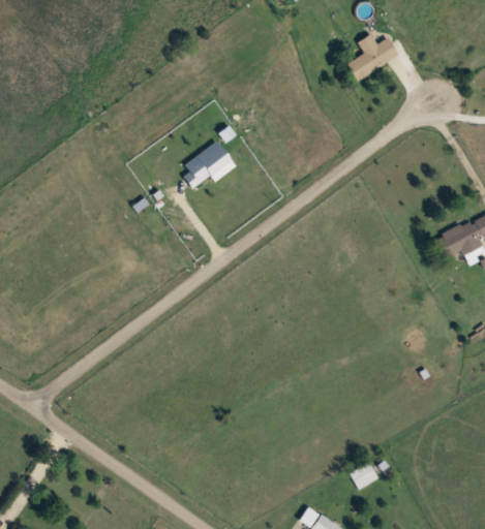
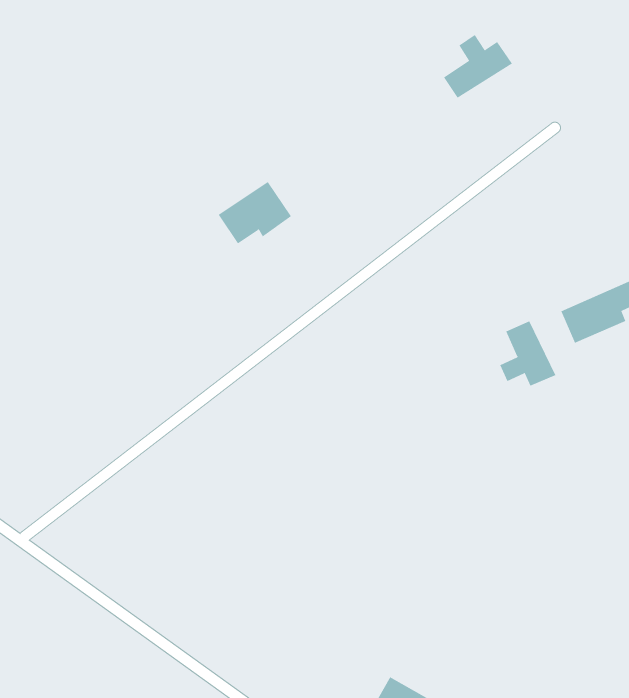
building: none -> [500,320,556,387]
building: [350,463,380,491] -> none

